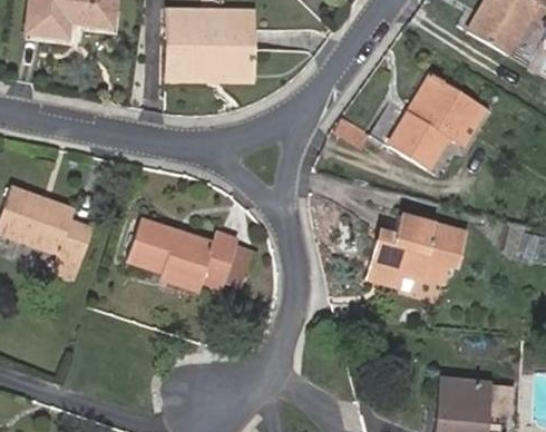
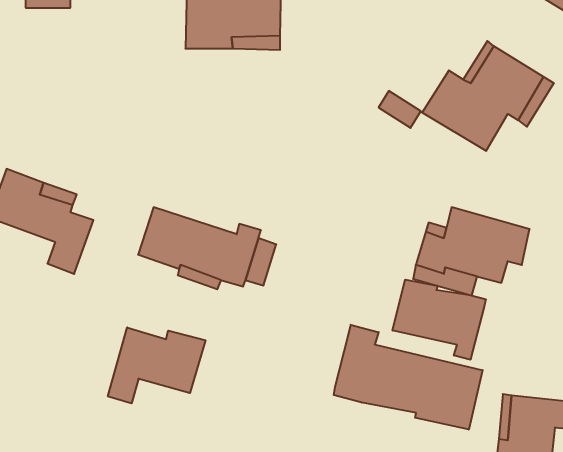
building: none -> [393,280,486,360]
building: none -> [334,325,483,430]
building: none -> [108,327,205,403]

